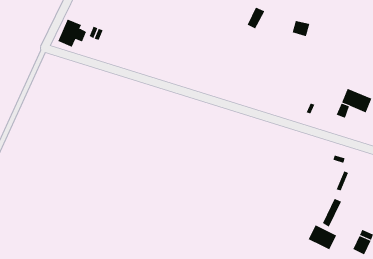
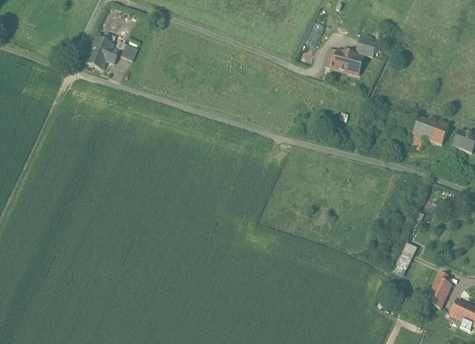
building: none -> [325,48,364,73]
building: [308,225,337,250] -> none

